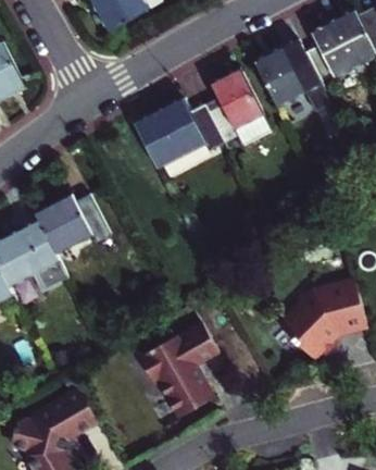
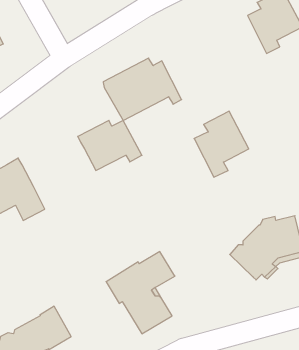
building: [256,50,324,109] -> none
building: [203,72,266,148] -> [194,111,249,177]
building: [35,190,109,248] -> [78,120,142,170]

